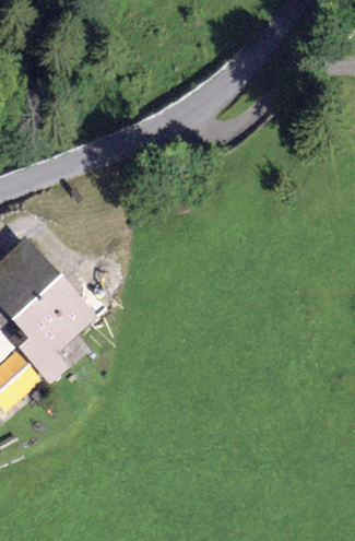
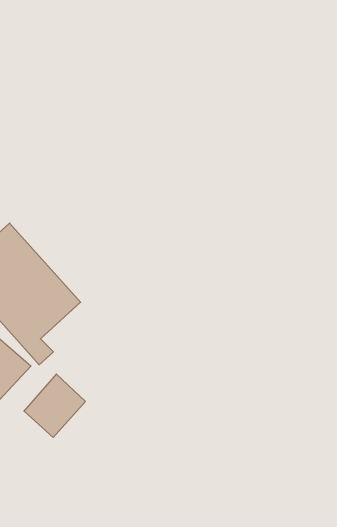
building: none -> [24,374,85,437]

